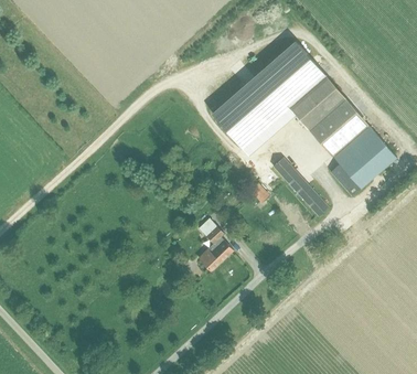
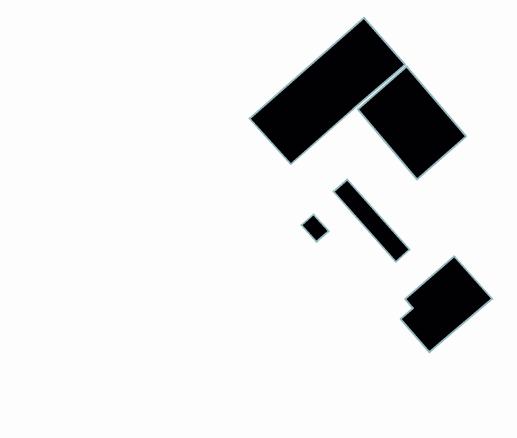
building: [331,127,397,196] -> [401,256,492,352]
building: [199,220,234,273] -> none

